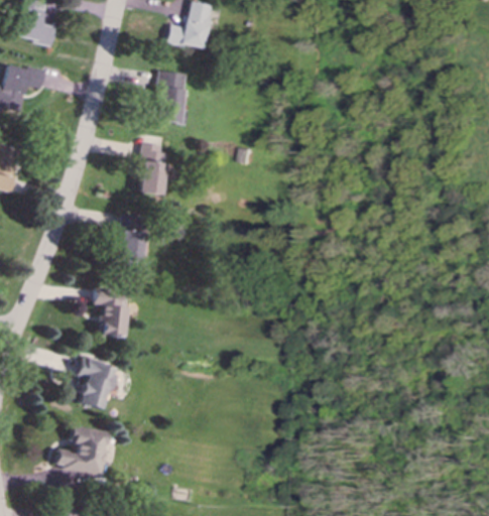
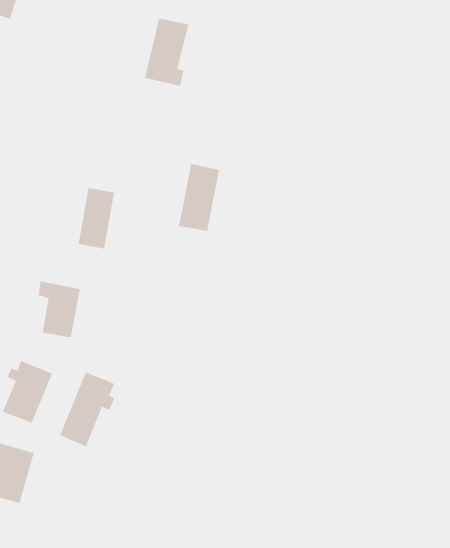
building: [140,142,167,195] -> [178,163,220,231]
building: none -> [59,372,115,447]

